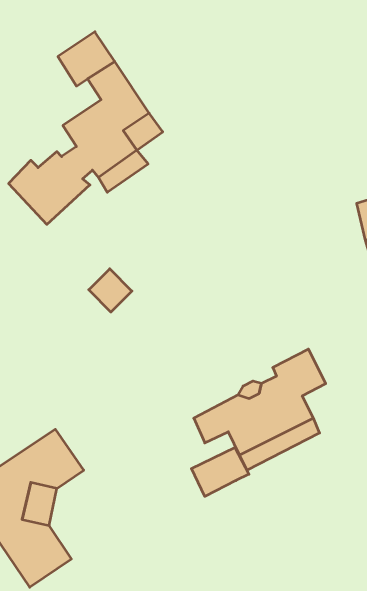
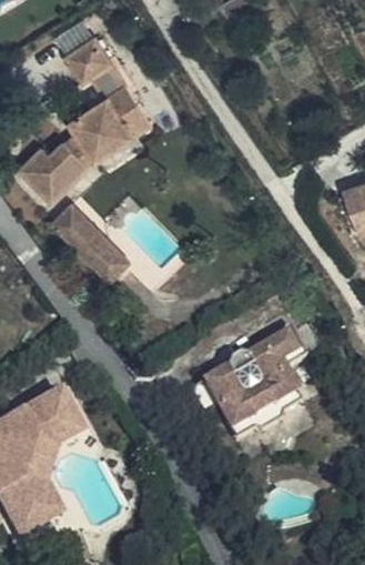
building: none -> [53,210,109,266]
building: [191,447,249,496] -> none

